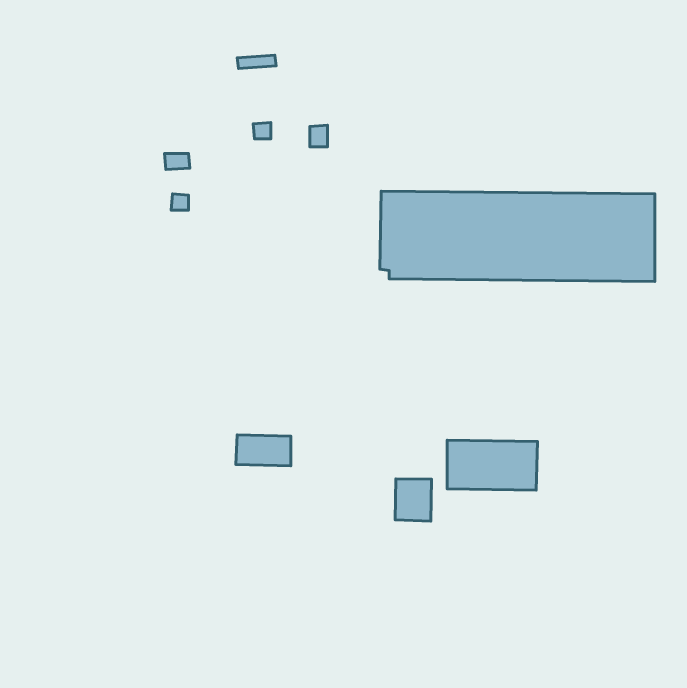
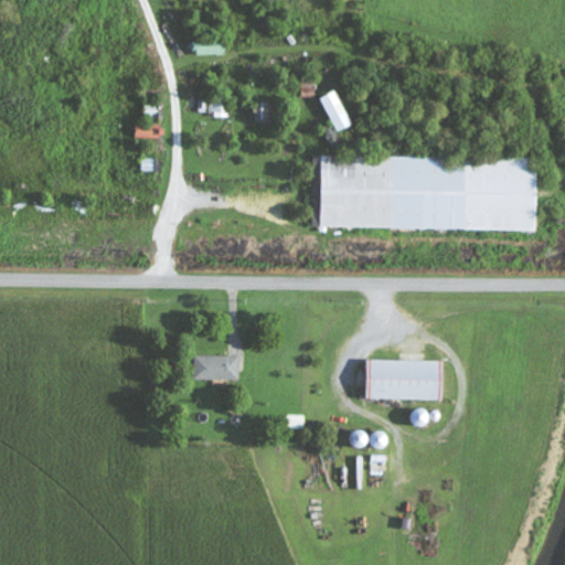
building: none -> [321,92,350,132]
building: [395,479,431,521] -> none

